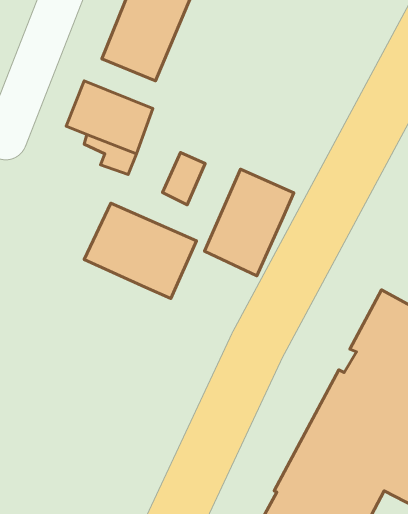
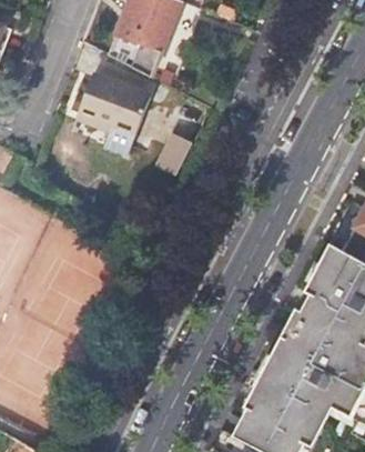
building: [205,169,294,276] -> none
building: [84,203,197,298] -> none

